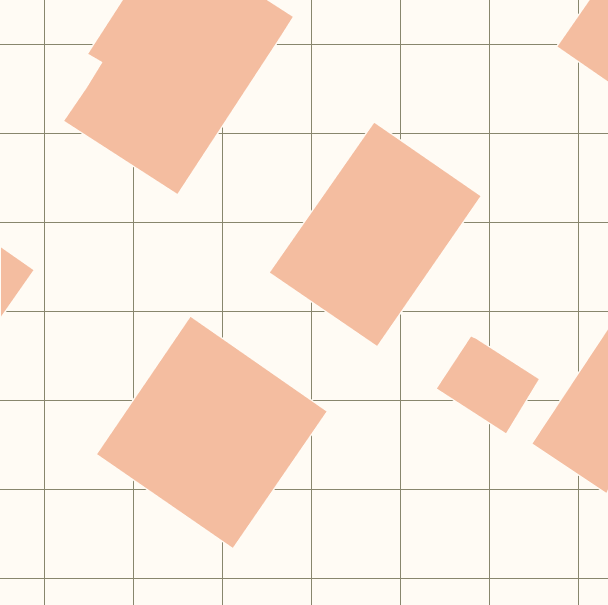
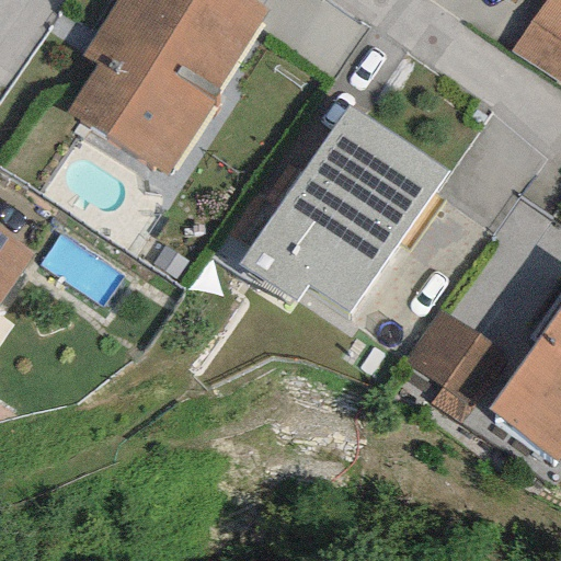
building: [96,316,327,549] -> none

